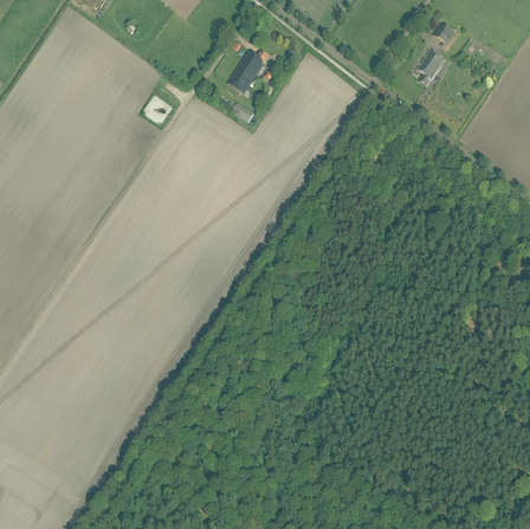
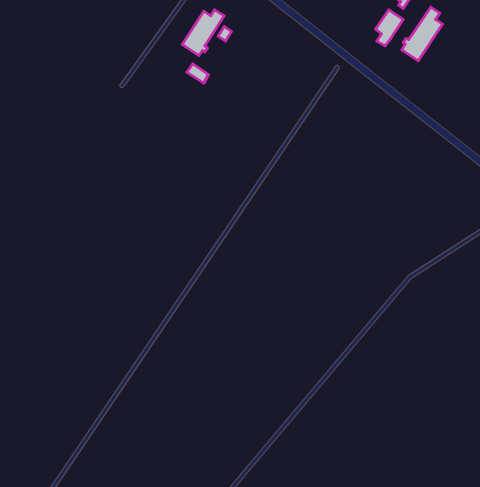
building: none -> [402,7,442,61]

